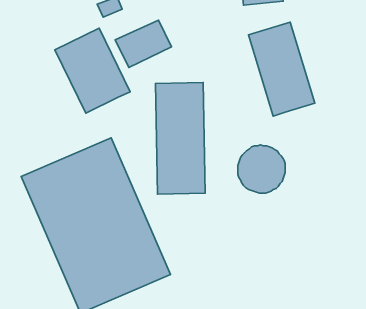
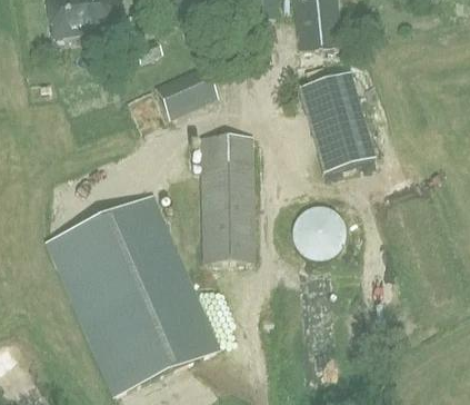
building: [55,28,130,113] -> none

